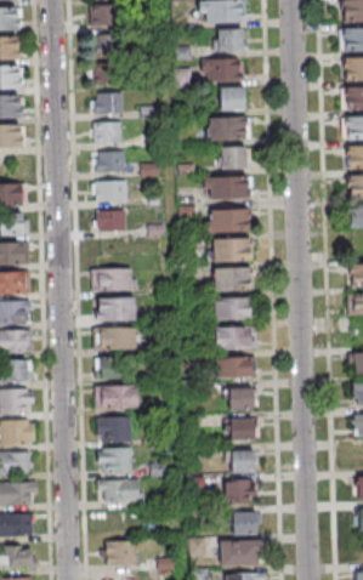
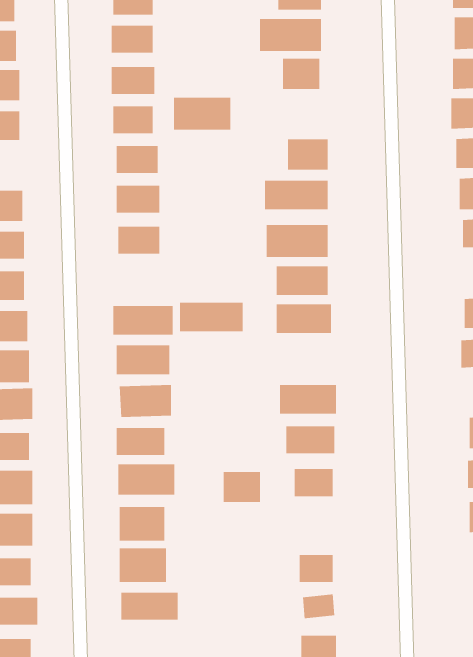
building: [209,115,251,140] -> [173,97,231,130]
building: [208,297,255,319] -> [179,302,243,332]
building: [229,417,257,440] -> [223,471,261,503]

